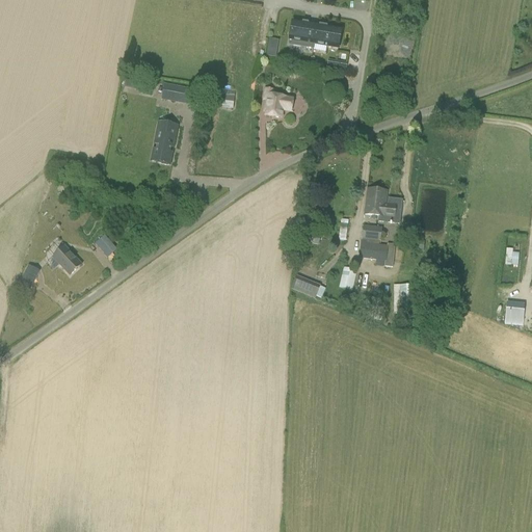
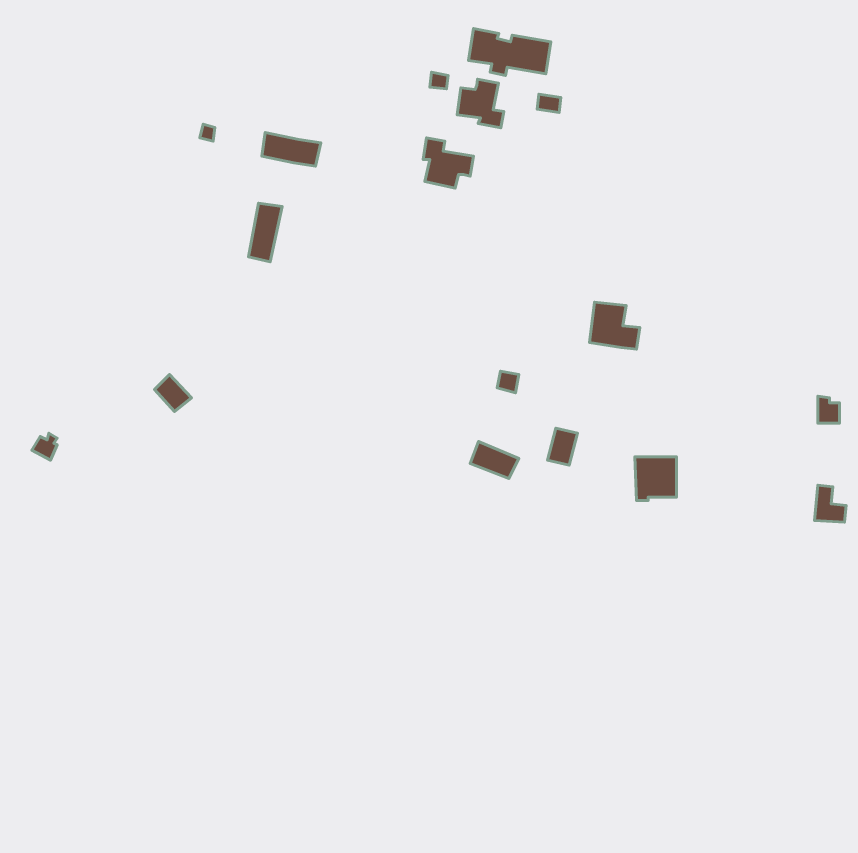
building: none -> [457,79,504,128]
building: [360,223,394,266] -> none
building: [53,244,82,273] -> none

